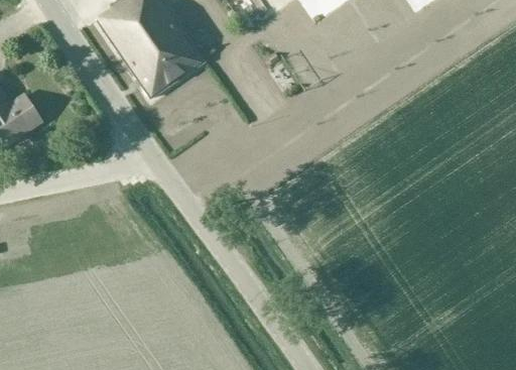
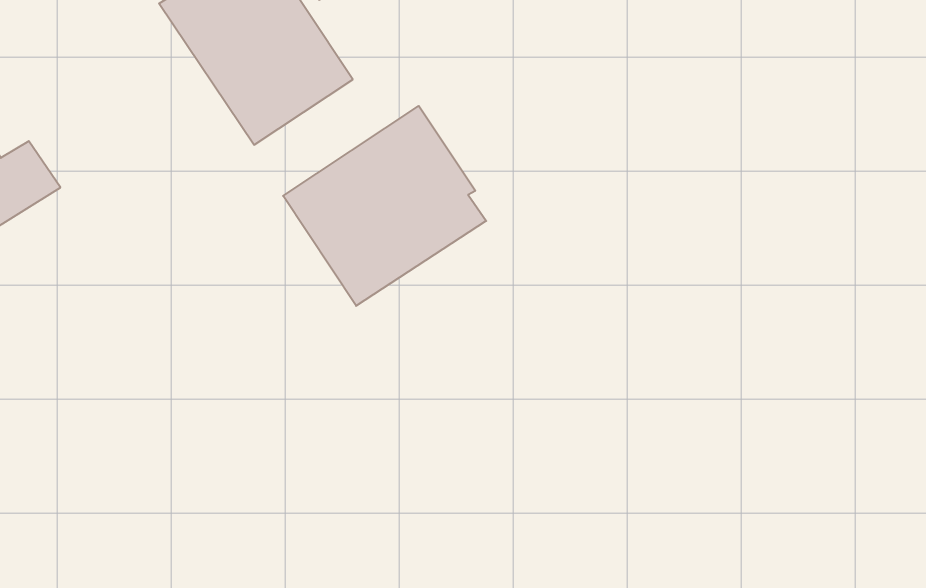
building: none -> [283,106,486,306]

